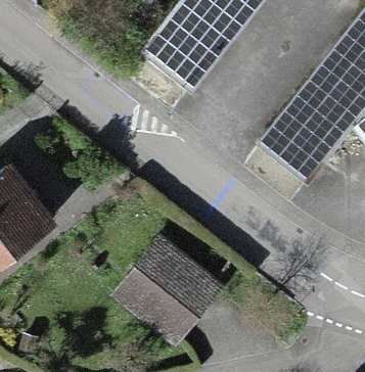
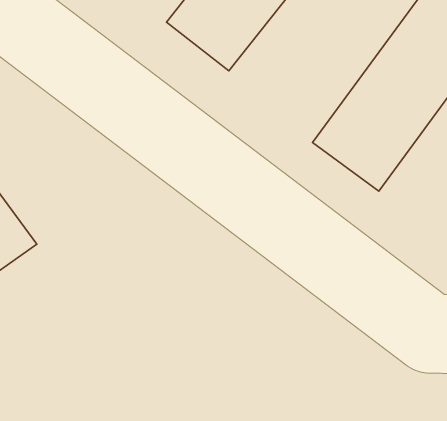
building: [118,243,216,339] -> none

